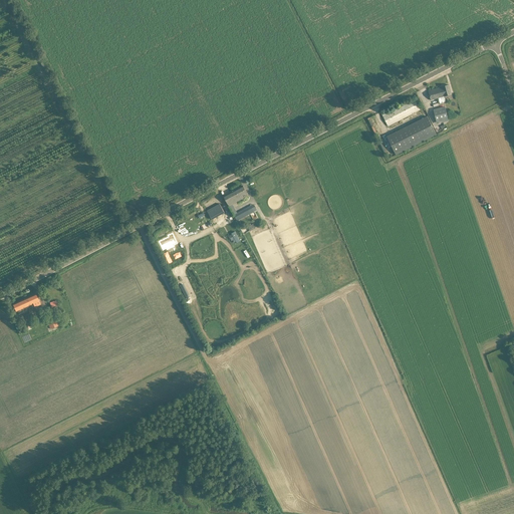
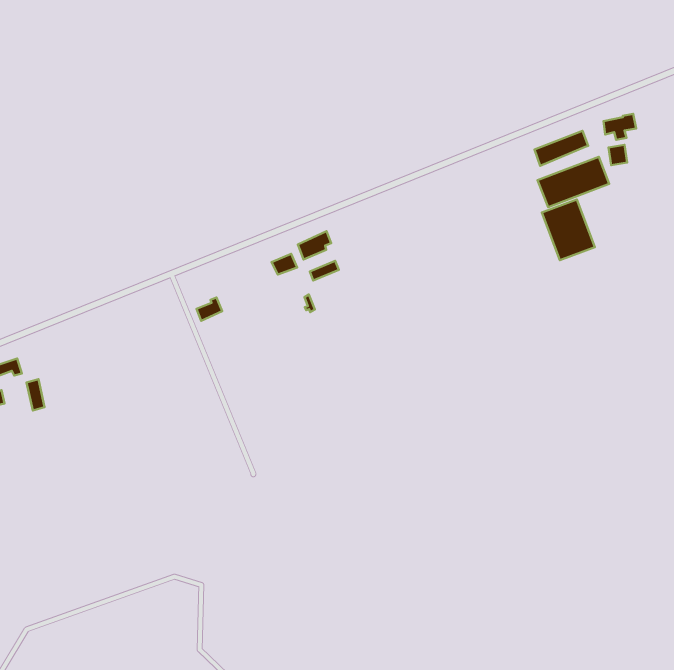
building: none -> [542,199,595,260]

